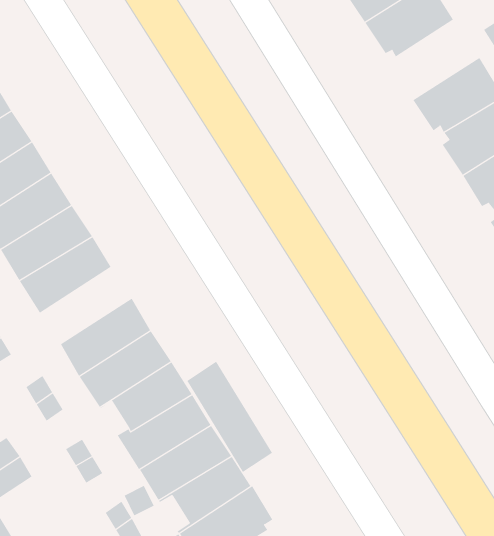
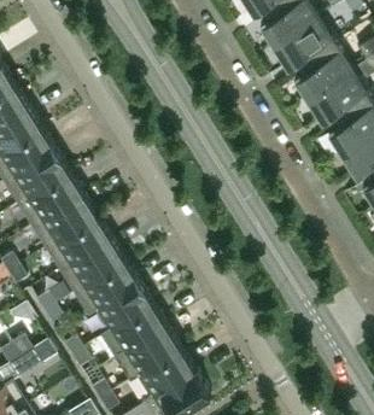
building: none -> [294,41,355,98]
building: none -> [46,215,111,269]
building: [186,361,273,473] -> none

